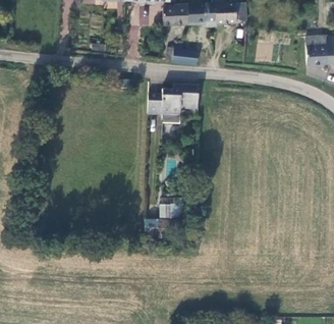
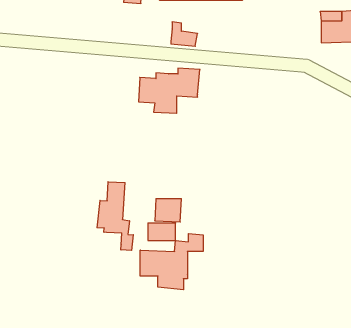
building: none -> [97,182,133,250]
building: none -> [140,234,203,290]

